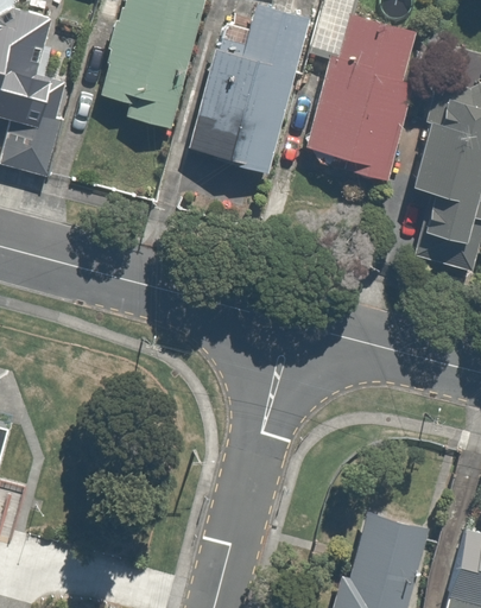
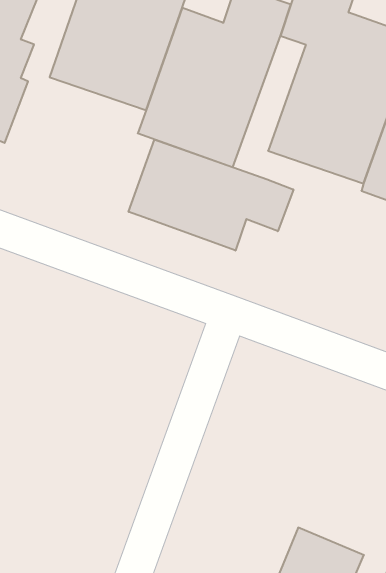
building: none -> [129,139,293,251]

